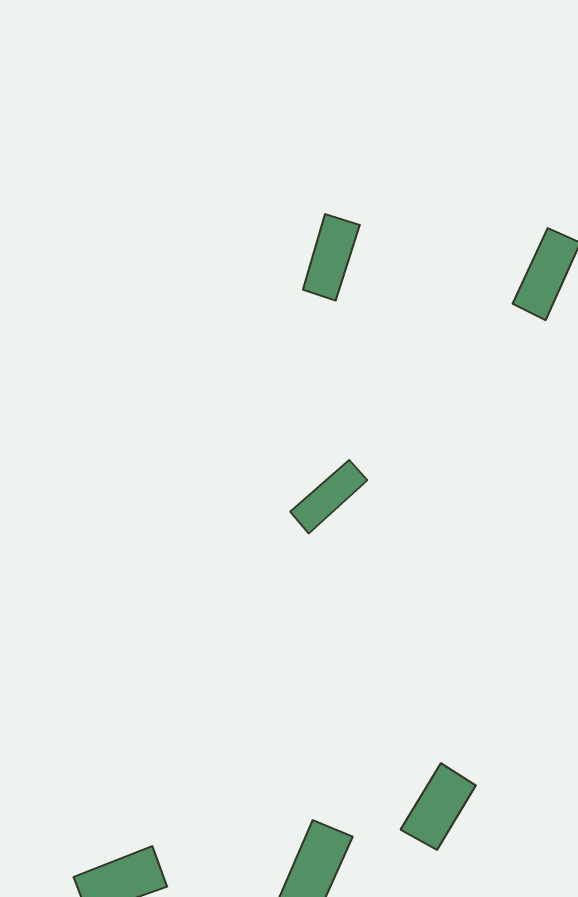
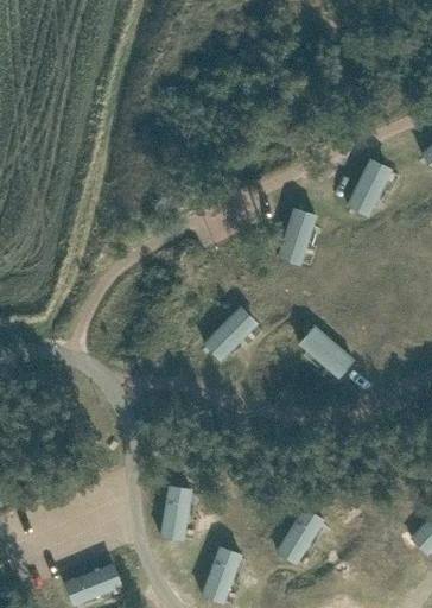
building: [303,214,360,300] -> [278,210,315,266]
building: none -> [299,328,350,375]
building: none -> [158,483,191,539]

